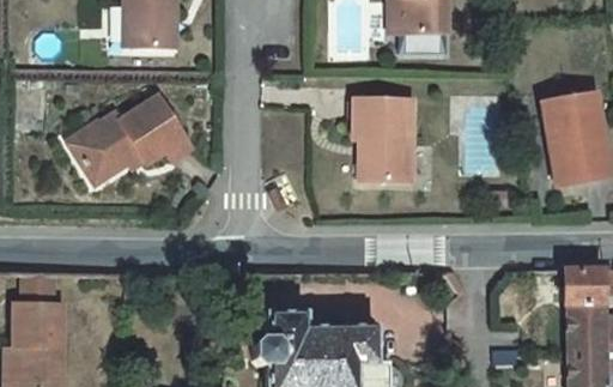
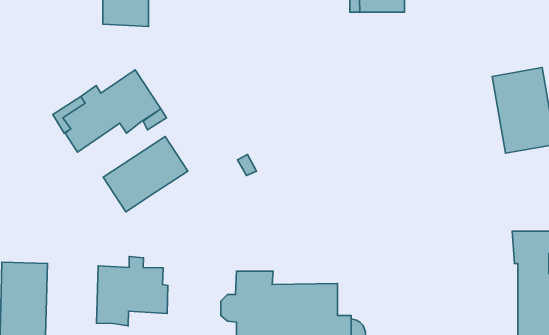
building: [352,97,412,182] -> none
building: none -> [103,136,188,212]
building: none -> [96,256,168,326]

